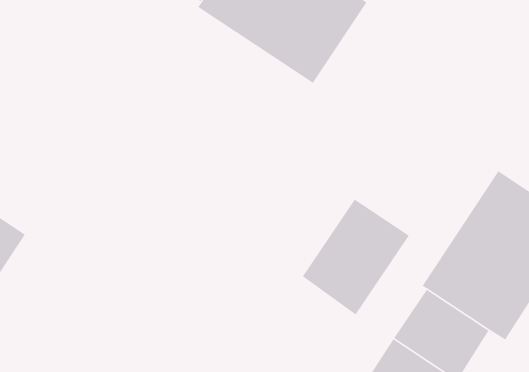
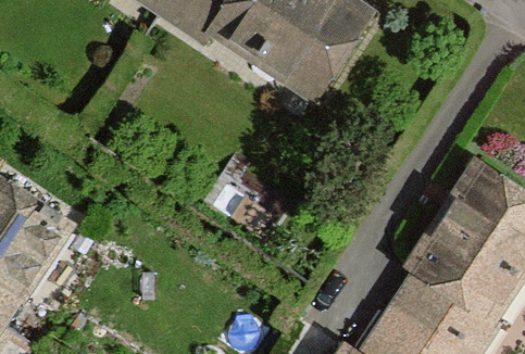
building: [302,199,410,316] -> none

